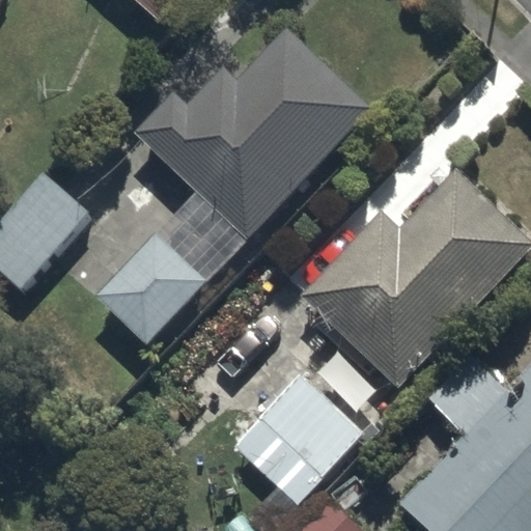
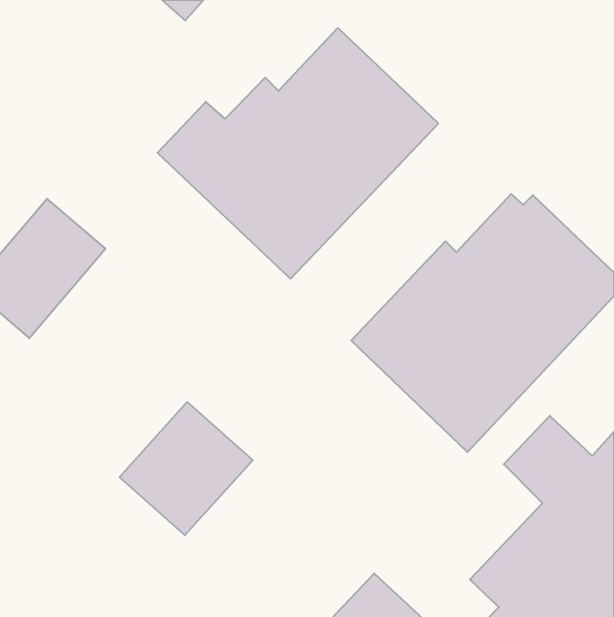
building: [94,231,208,345] -> [119,402,253,535]
building: [232,373,367,509] -> none

